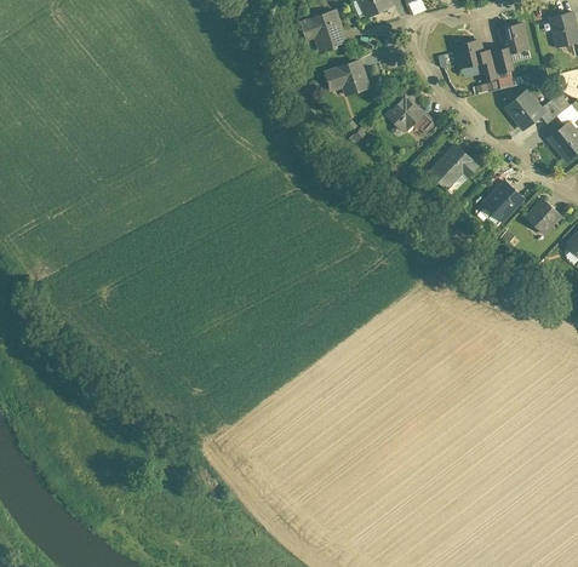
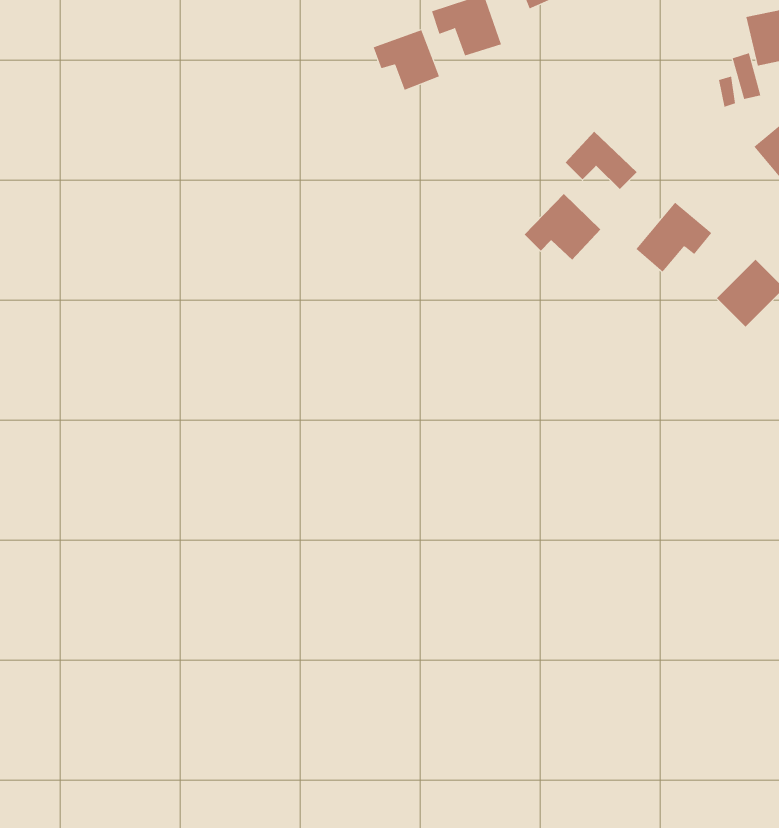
building: [454,41,482,68] -> none
building: [330,61,371,98] -> [373,29,440,90]
building: none -> [524,193,601,261]

